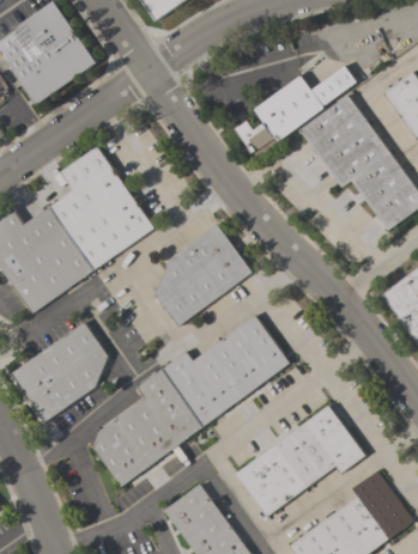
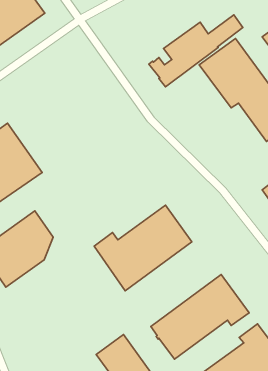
building: [49,146,153,270] -> none
building: [152,224,252,327] -> none
building: [93,369,202,487] -> none

